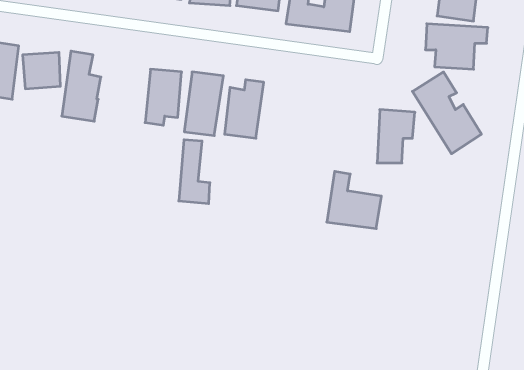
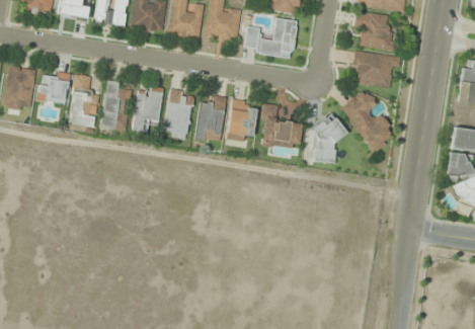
building: none -> [227,99,256,141]
building: [179,140,210,204] -> [102,80,127,130]
building: [327,171,381,229] -> [260,103,303,148]

